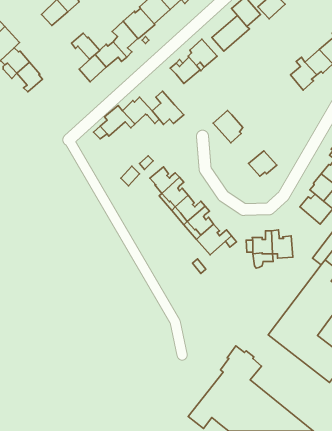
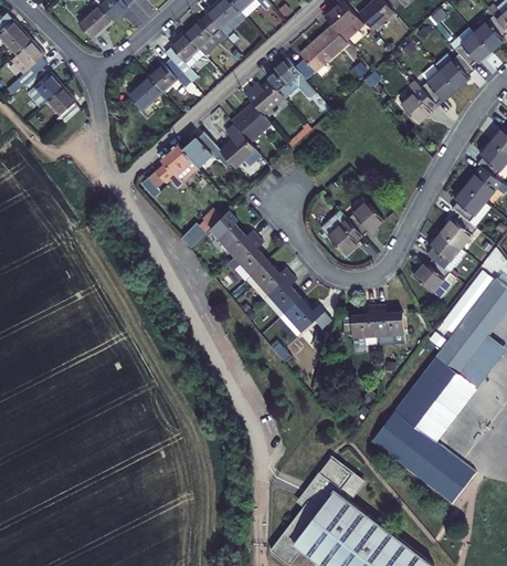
building: [71,33,100,59] -> none
building: none -> [232,102,271,142]
building: [213,111,243,143] -> [323,212,361,254]

